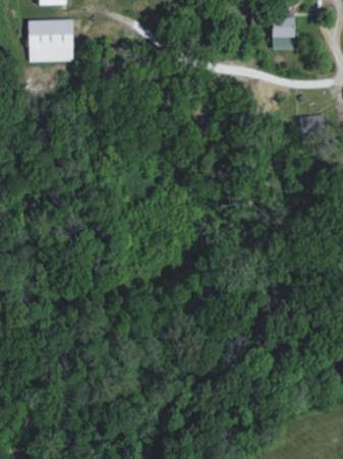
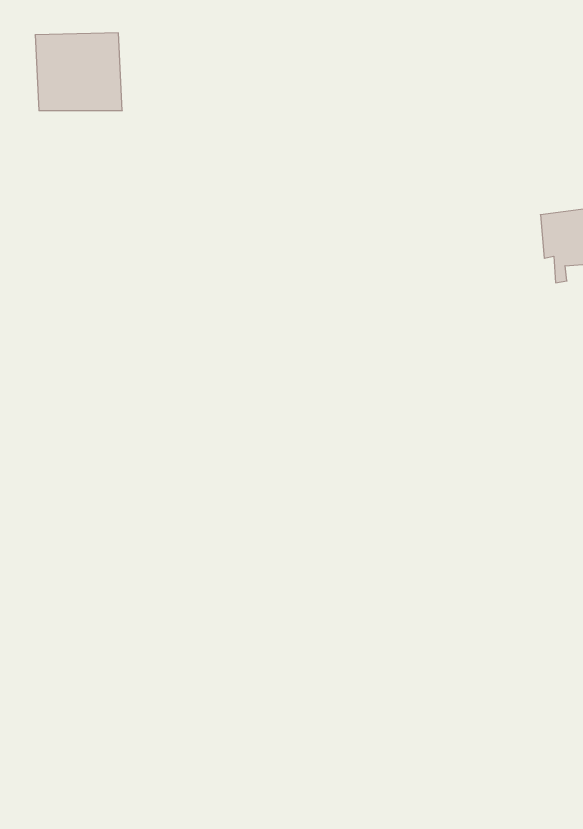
building: [273,14,294,49] -> none

